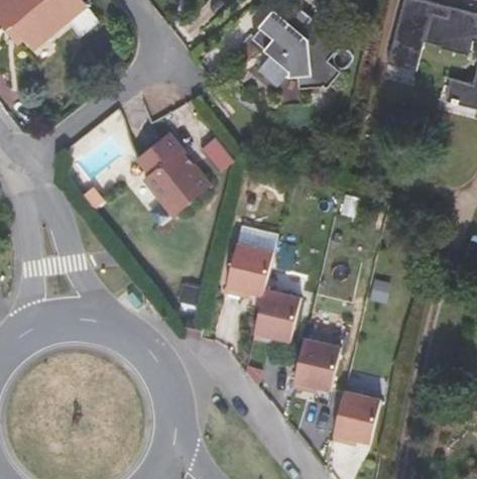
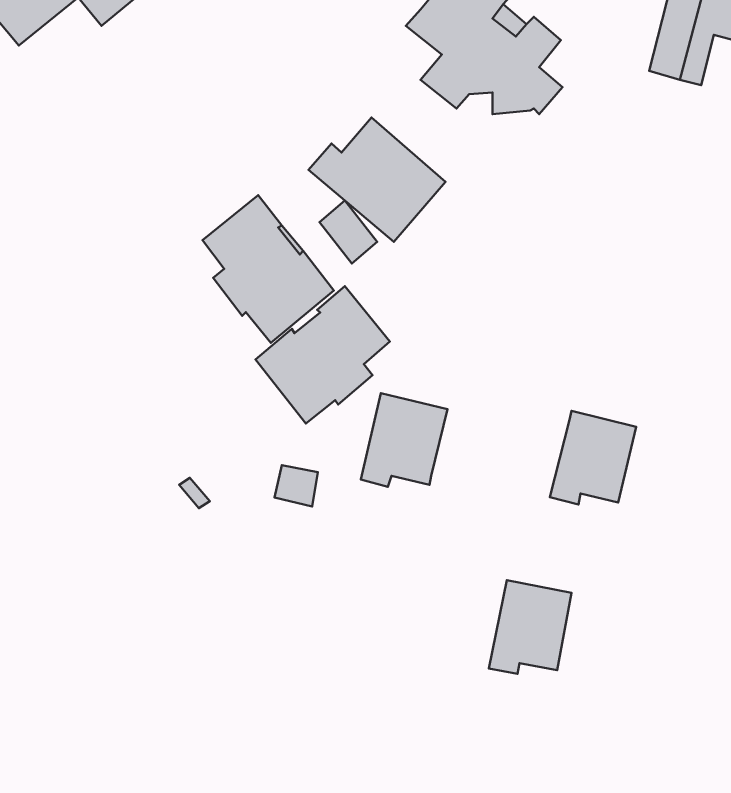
building: none -> [308,118,445,242]
building: none -> [255,286,390,424]
building: [251,288,300,341] -> [550,411,636,504]
building: [335,400,382,453] -> none

